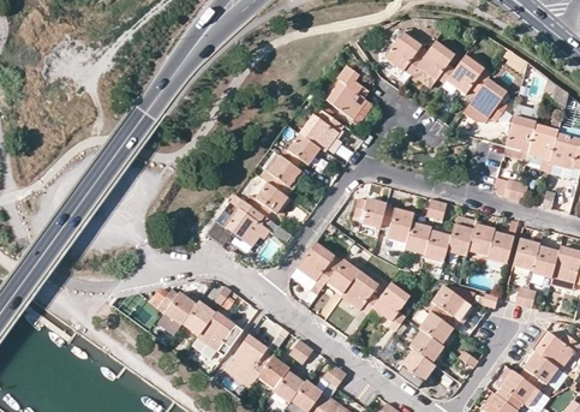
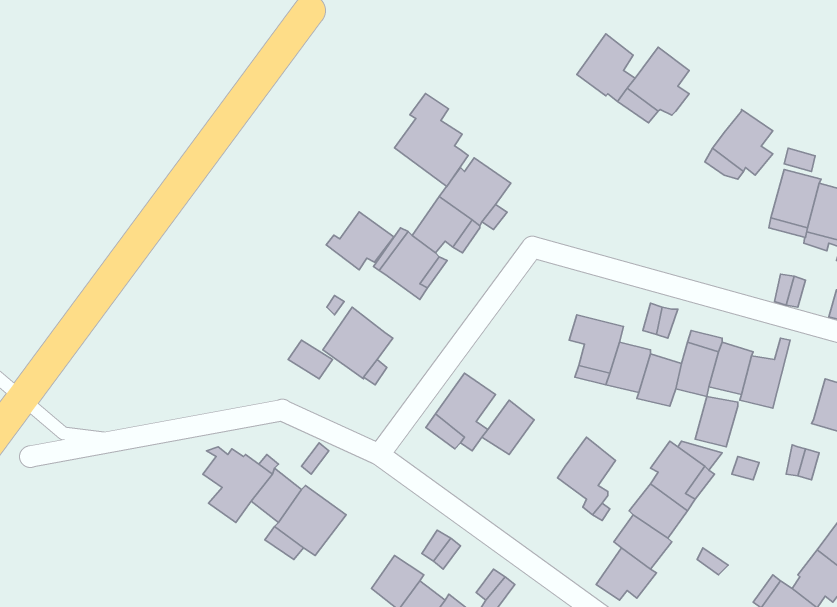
building: [447,53,488,92] -> none
building: [327,65,372,123] -> [394,93,468,186]
building: [246,180,288,216] -> [326,212,394,270]
building: [353,197,387,227] -> none
building: [513,239,539,270] -> [695,396,738,447]
building: [341,270,378,312] -> none
building: [231,334,275,377] -> none

